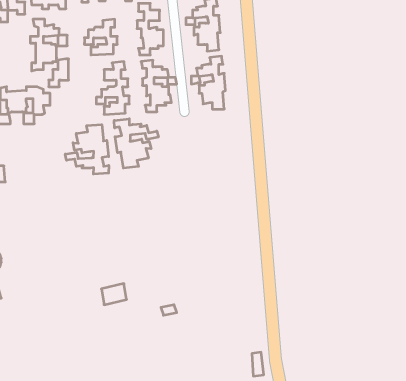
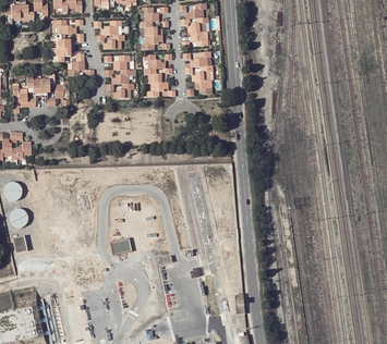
building: [114,119,158,168] -> none
building: [65,125,109,174] -> none

